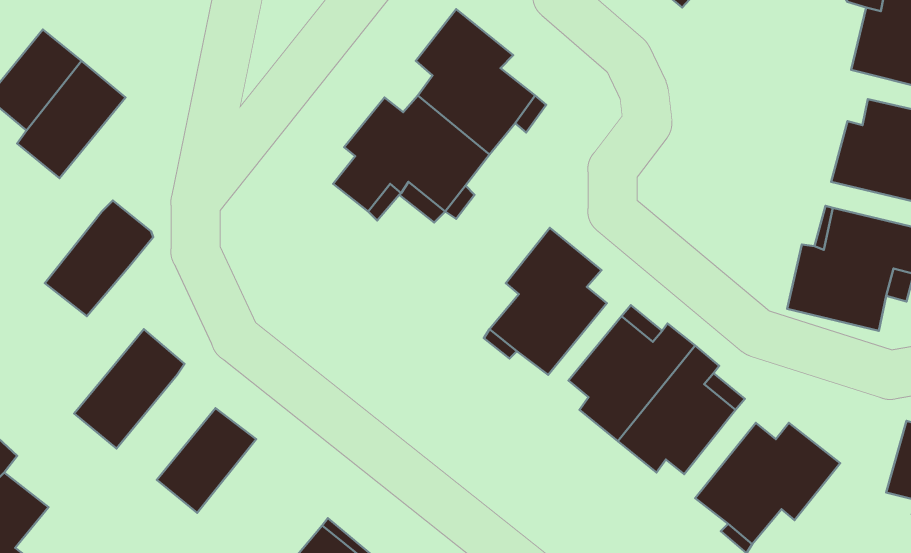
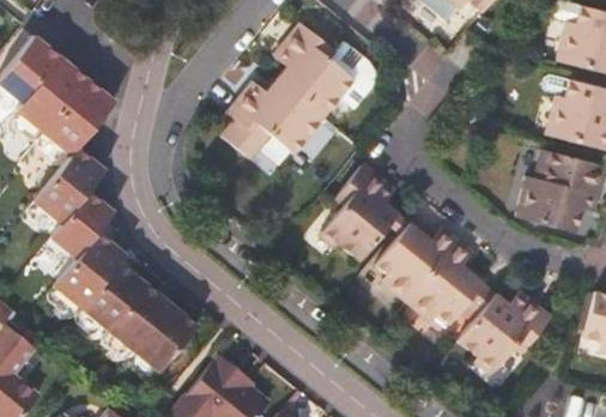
building: none -> [43,80,114,155]
building: none -> [49,191,114,259]
building: none -> [80,261,145,330]
building: none -> [133,303,196,371]

